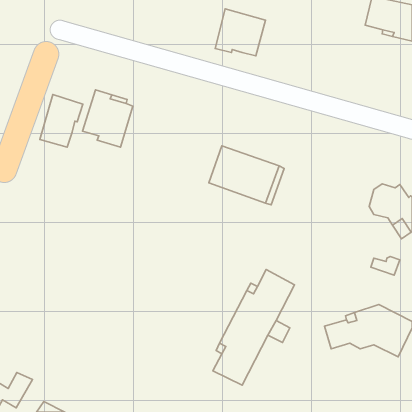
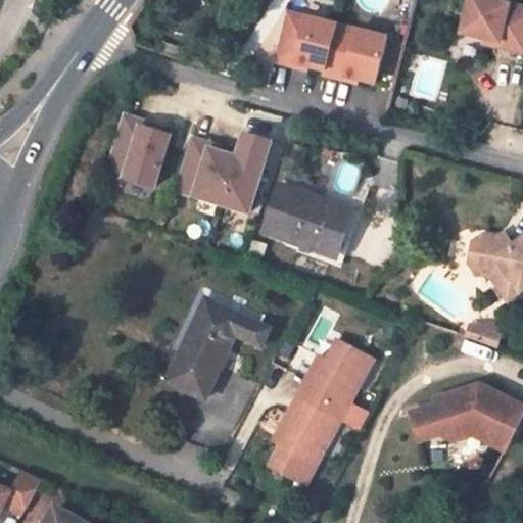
building: none -> [322,26,387,85]
building: [40,95,83,147] -> none
building: none -> [173,132,270,211]
building: none -> [165,297,270,398]

